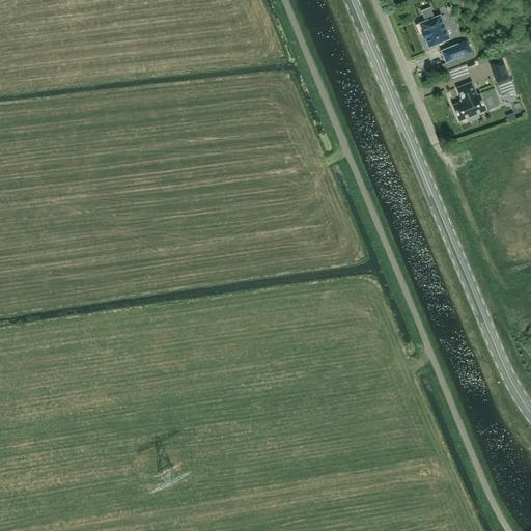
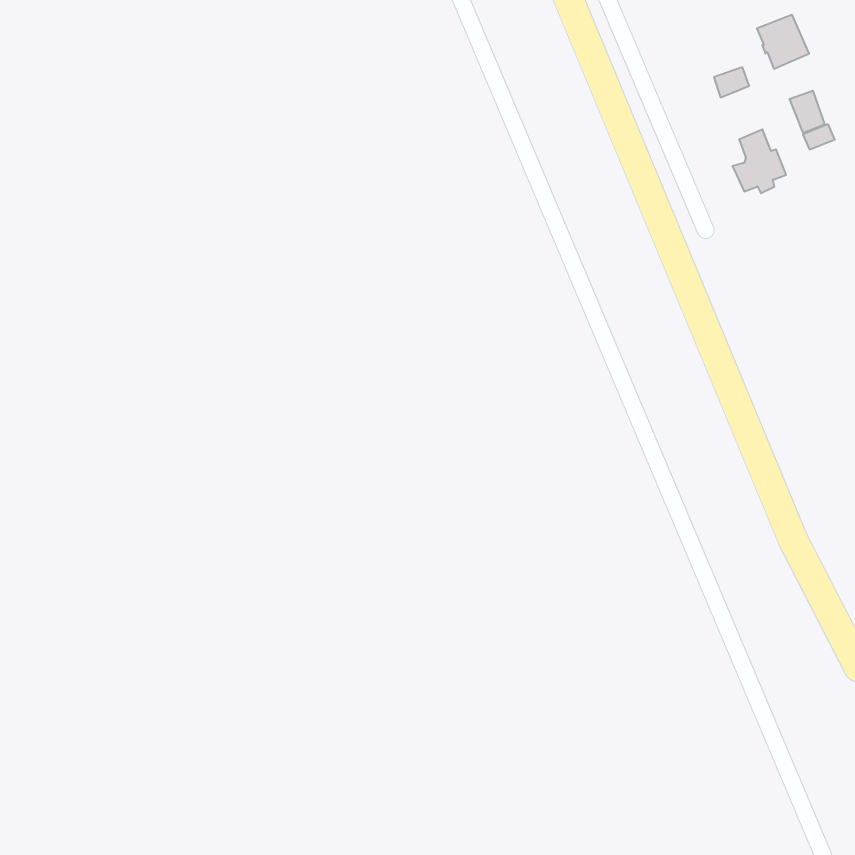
building: [420,12,452,46] -> [757,15,809,69]

